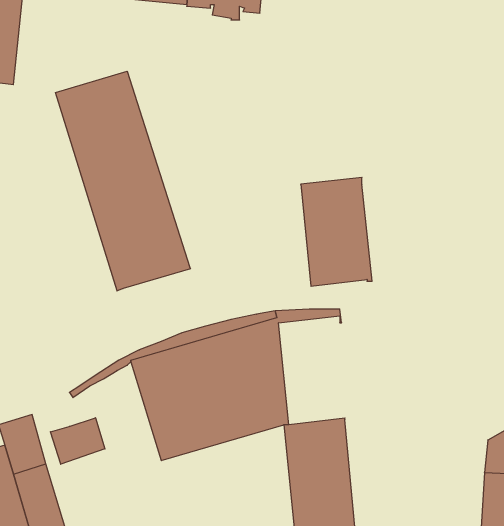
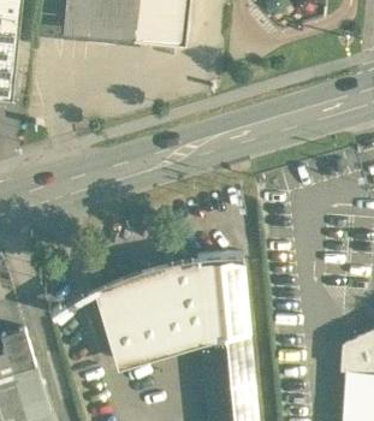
building: [56,71,190,291] -> none
building: [301,177,372,286] -> [200,261,250,338]
building: [50,418,105,464] -> none

